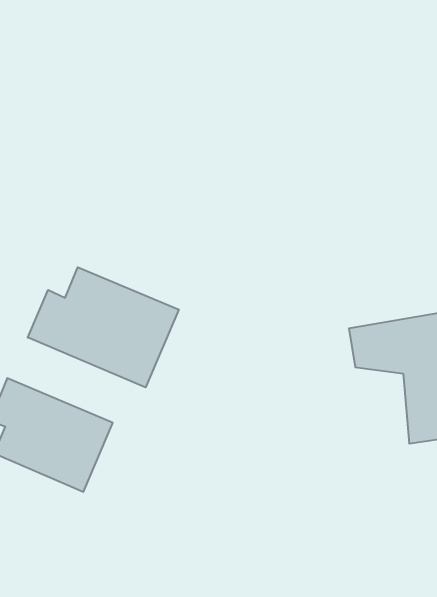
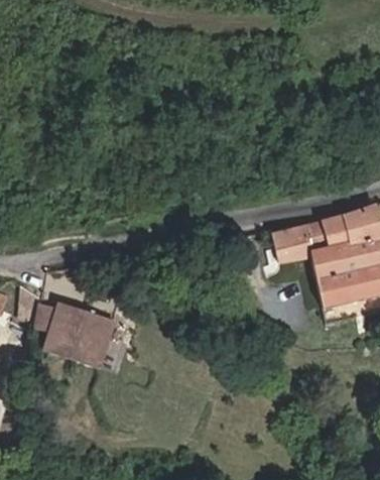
building: [28,267,179,387] -> none

